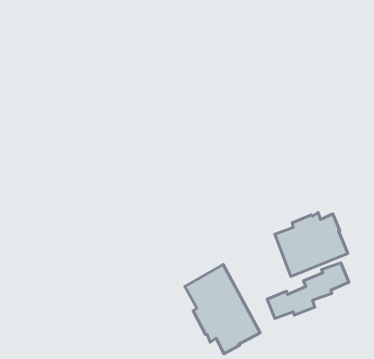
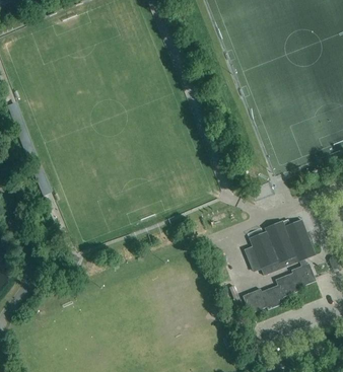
building: [185,265,260,354] -> none

